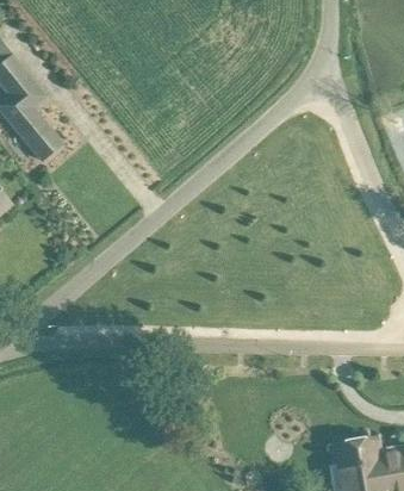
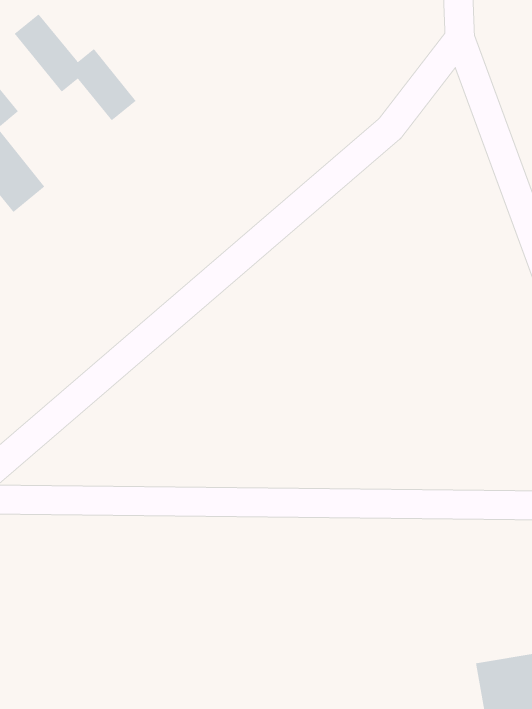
building: none -> [14,14,137,121]

